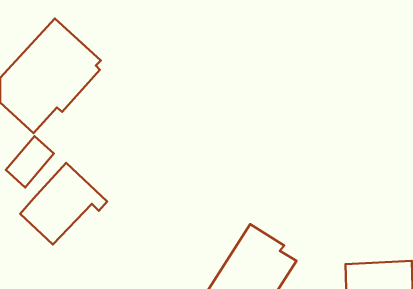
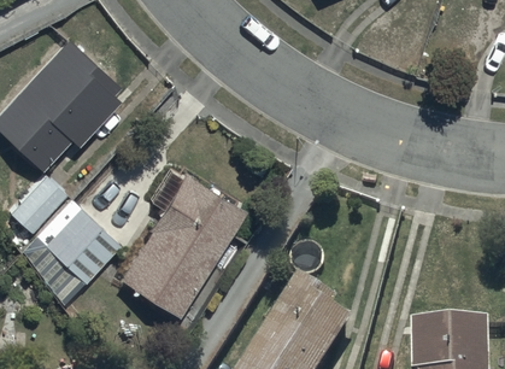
building: none -> [122,172,248,316]

